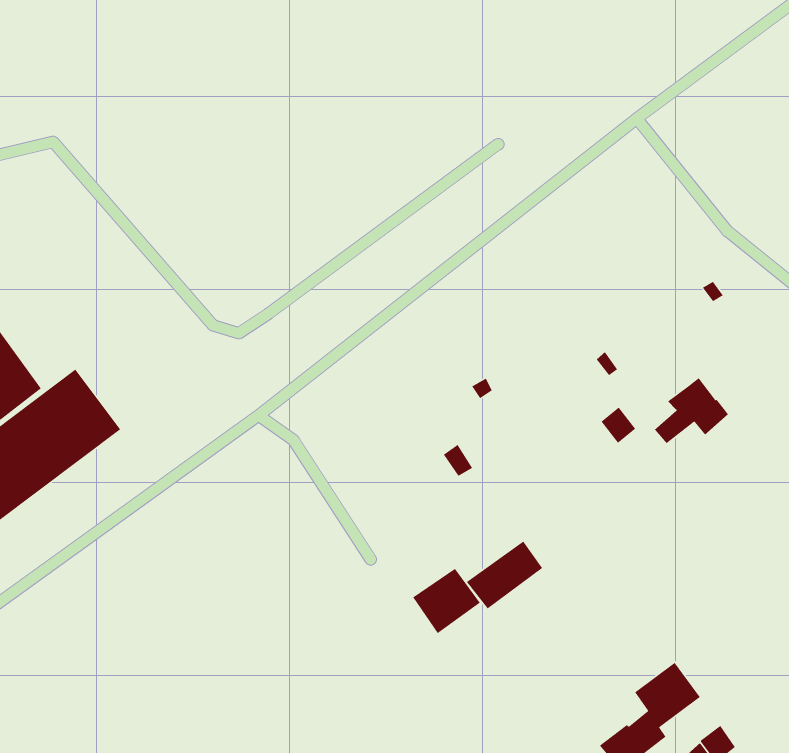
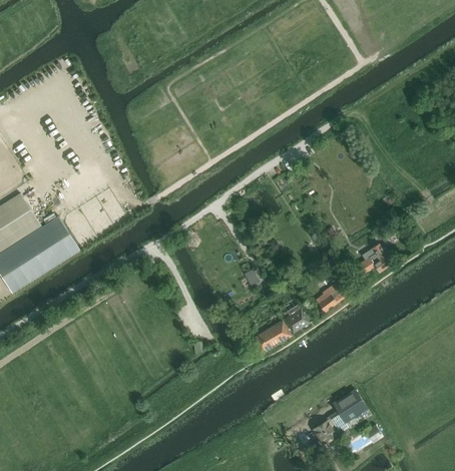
building: none -> [316,281,348,312]
building: none -> [284,305,309,334]
building: [412,568,481,634] -> none

